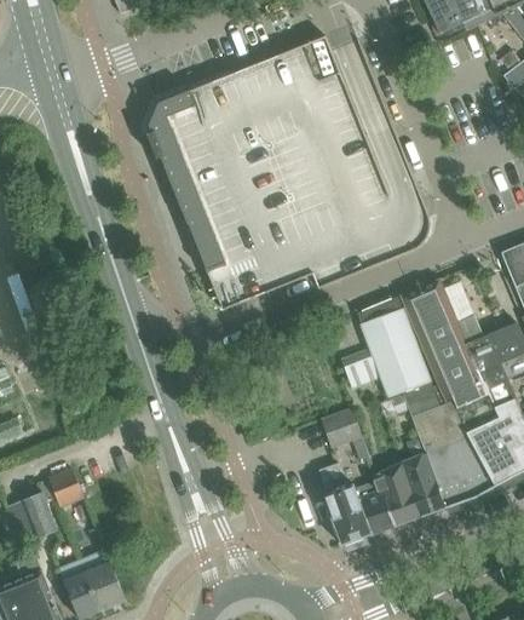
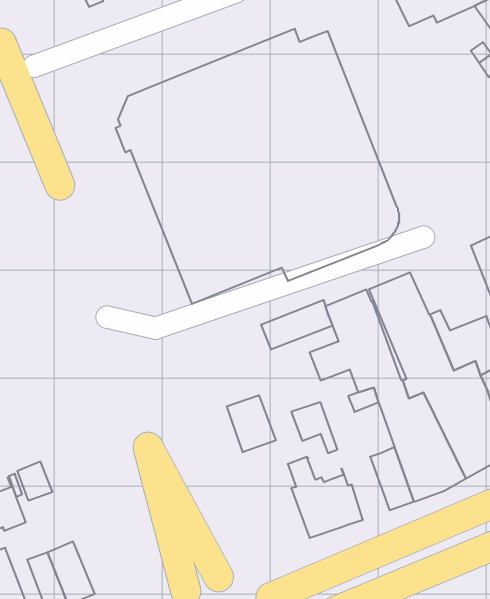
building: none -> [261,300,332,350]
building: none -> [227,395,276,452]
building: [373,464,420,527] -> none

